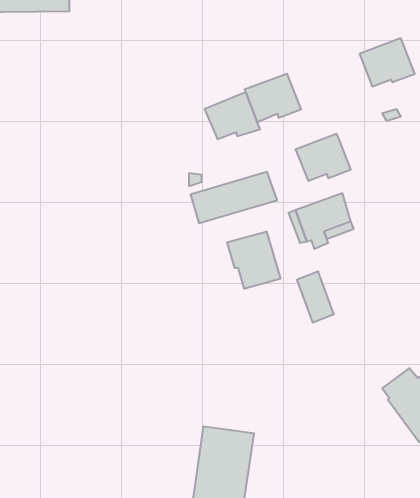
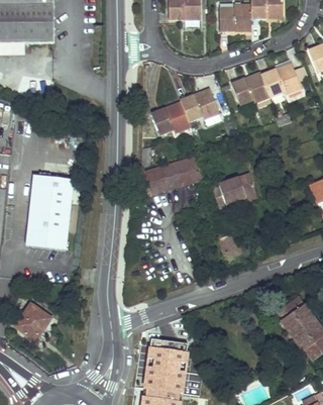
building: [295,134,351,181] -> [231,71,271,104]
building: none -> [28,178,75,252]
building: [227,231,280,289] -> none
building: none -> [15,302,50,339]

